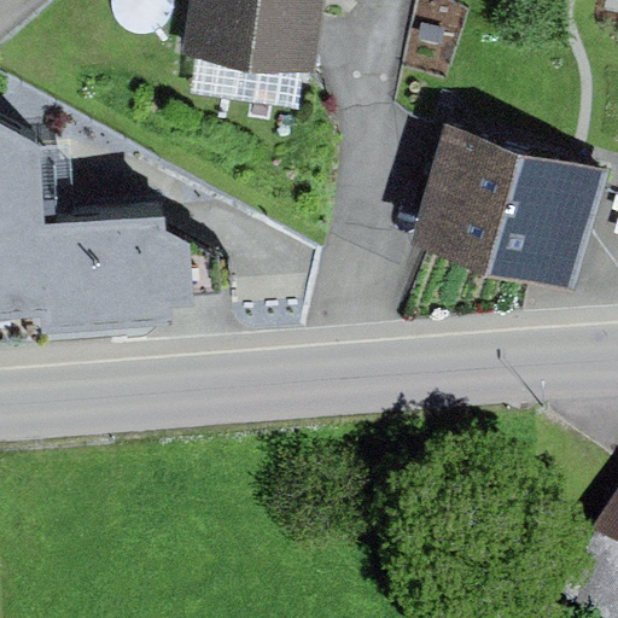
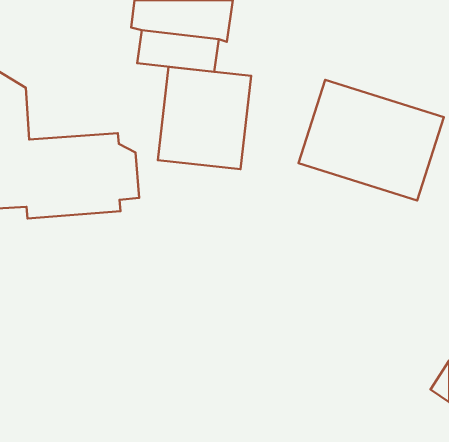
building: none -> [158,67,251,169]

